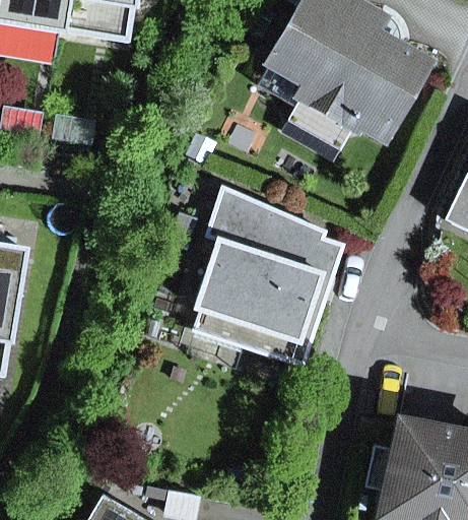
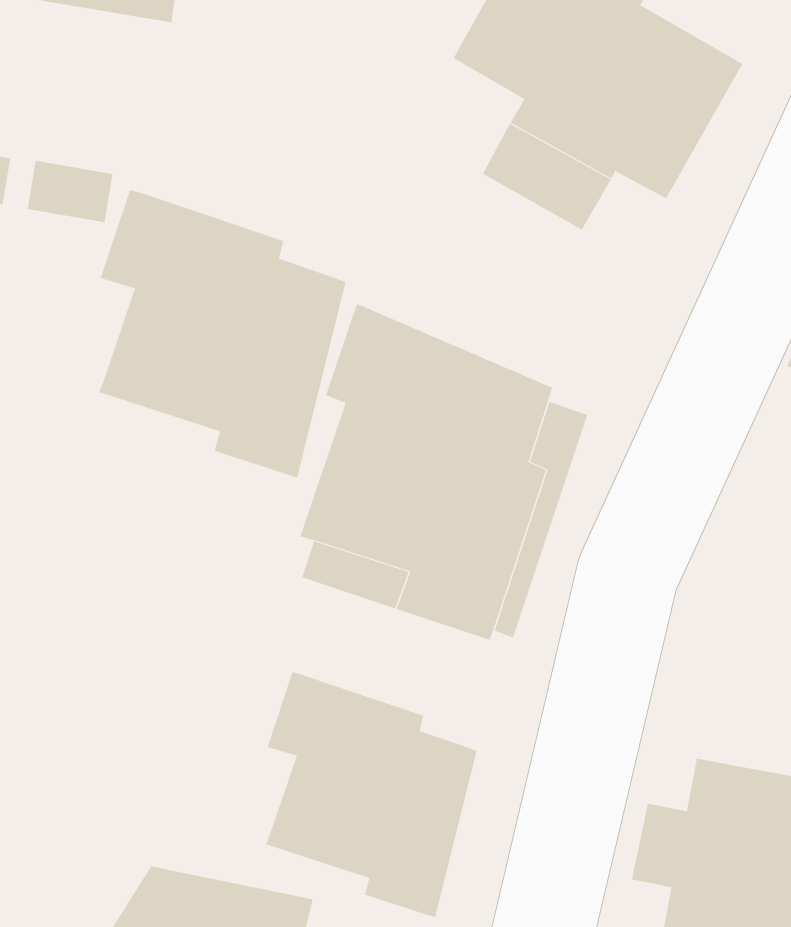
building: none -> [99,189,346,478]
building: none -> [266,671,477,918]

